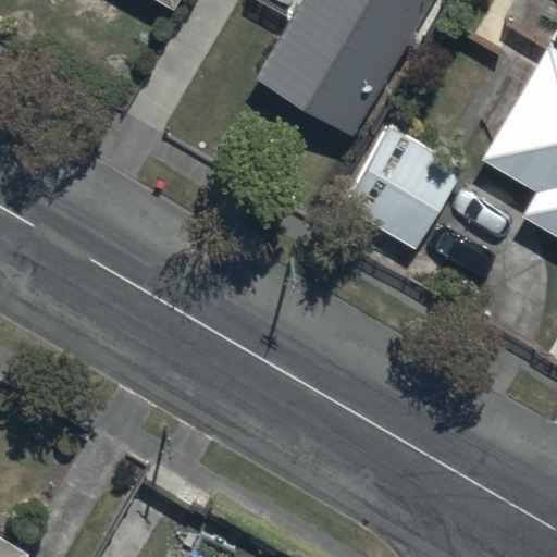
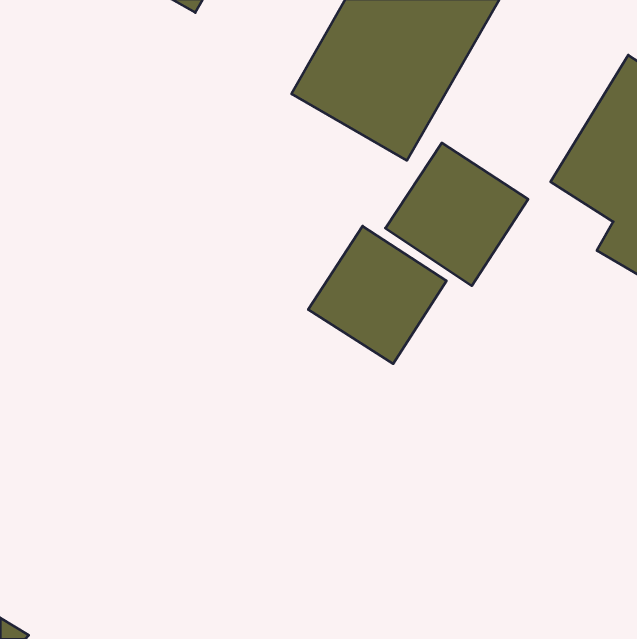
building: none -> [308,226,446,364]

